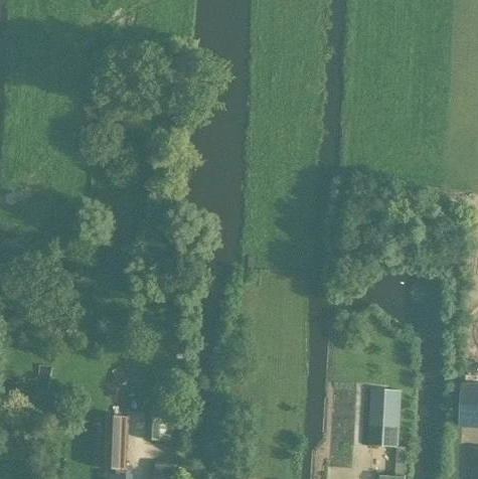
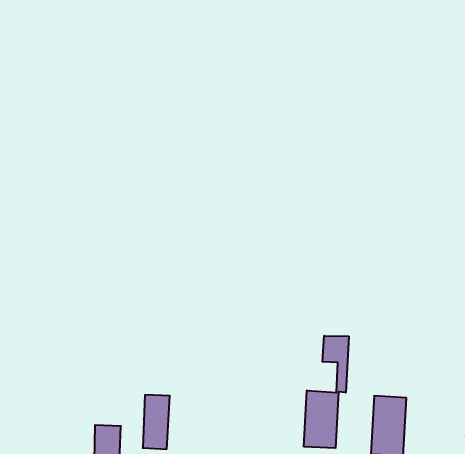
building: none -> [304,336,349,448]

